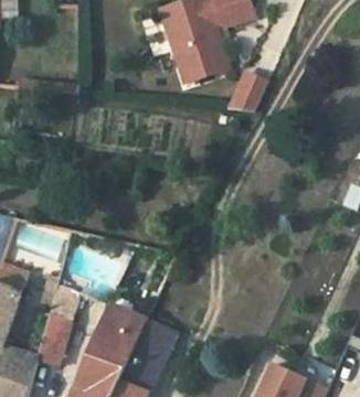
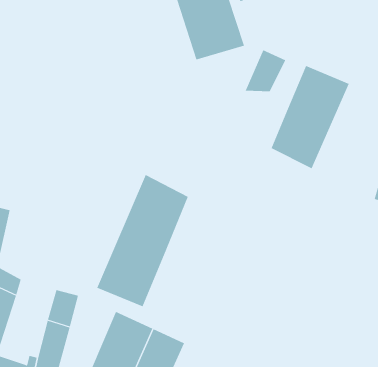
building: none -> [271,65,350,169]
building: none -> [96,174,189,307]

